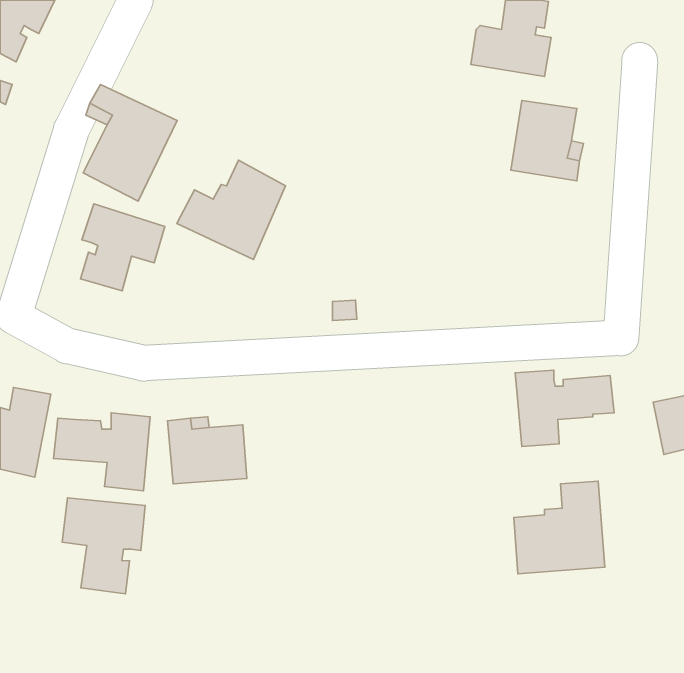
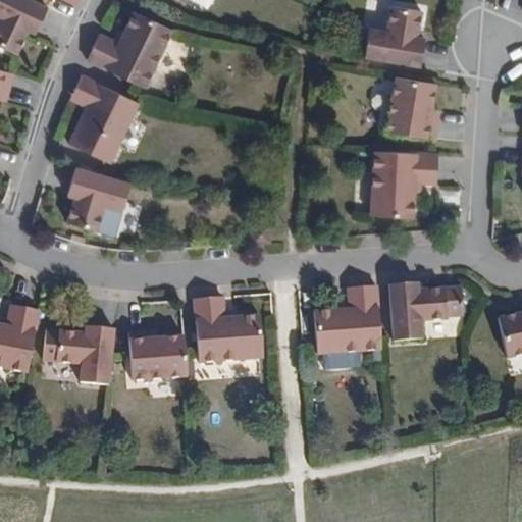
building: [177,160,286,260] -> [91,20,173,96]
building: none -> [367,151,433,217]
building: none -> [195,295,264,360]
building: [514,481,605,574] -> [313,283,382,354]
building: [62,498,145,594] -> none

